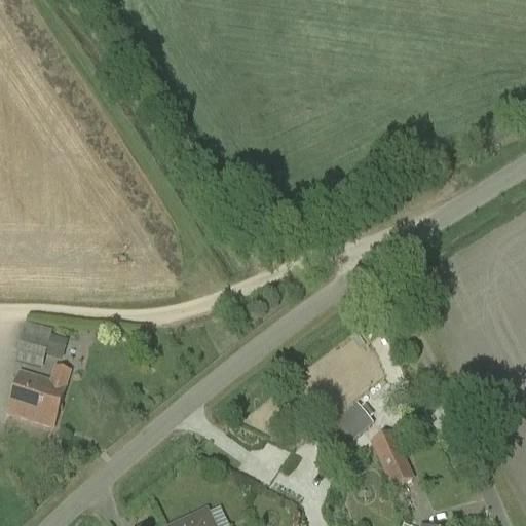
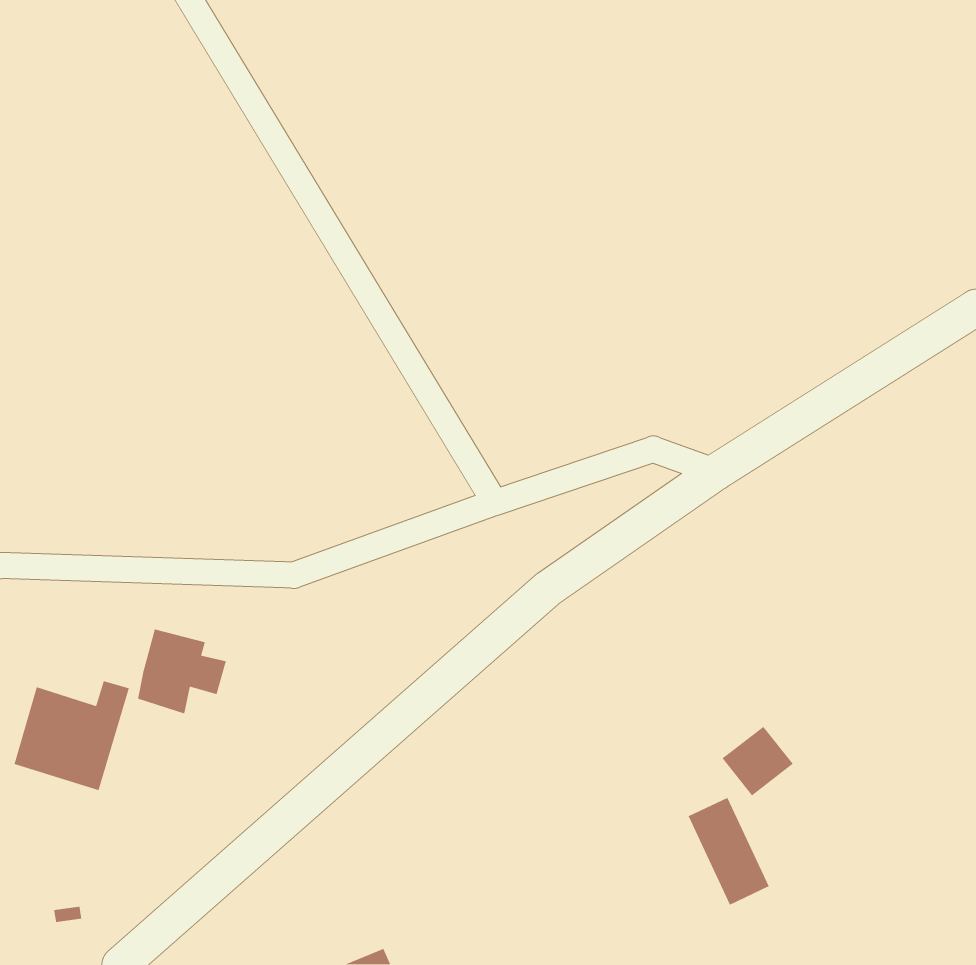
building: [15,318,64,365] -> [137,628,227,714]
building: [335,402,374,440] -> [721,726,794,796]

